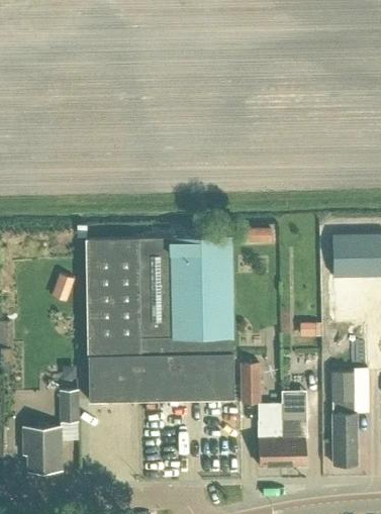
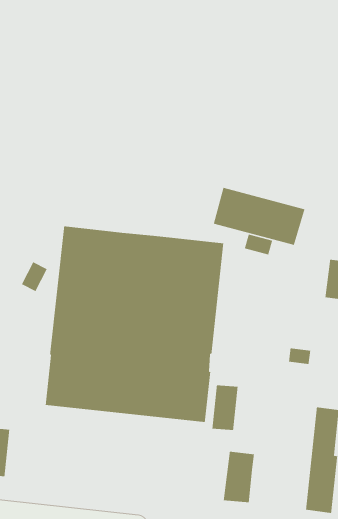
building: none -> [213,187,306,246]
building: [59,388,78,421] -> none
building: [282,403,306,466] -> none

